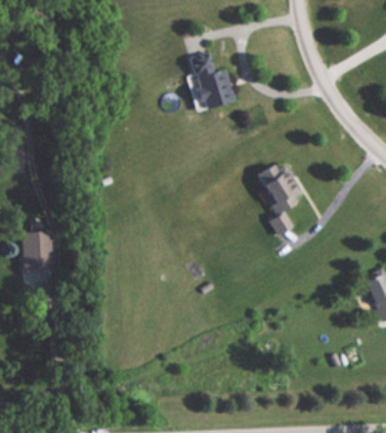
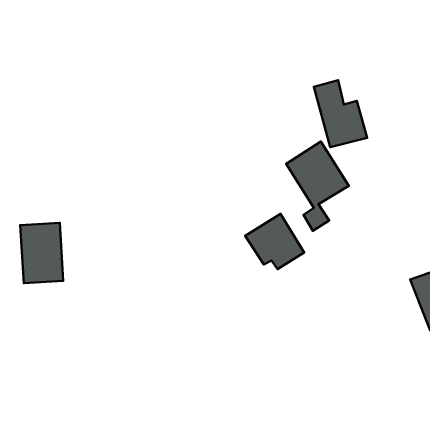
building: [186,51,233,111] -> [314,80,367,147]
building: none -> [245,214,304,269]

